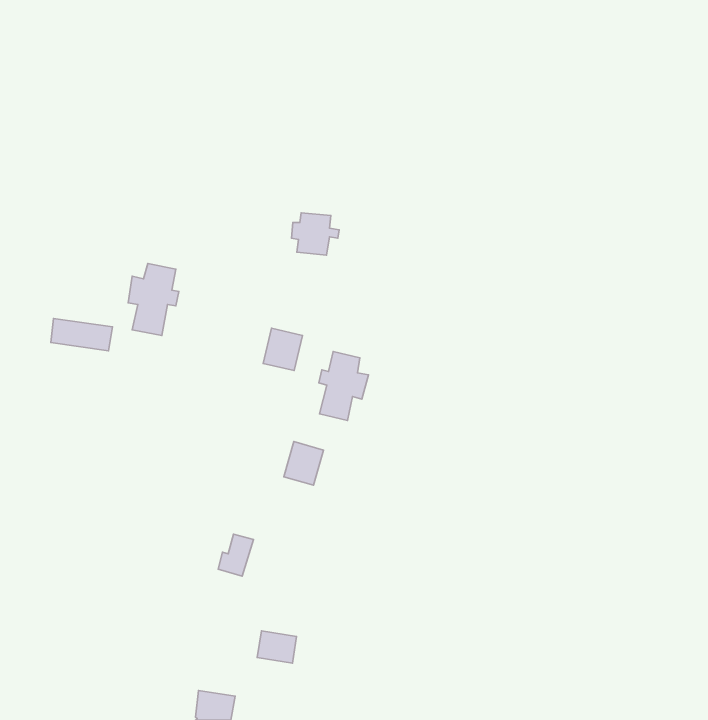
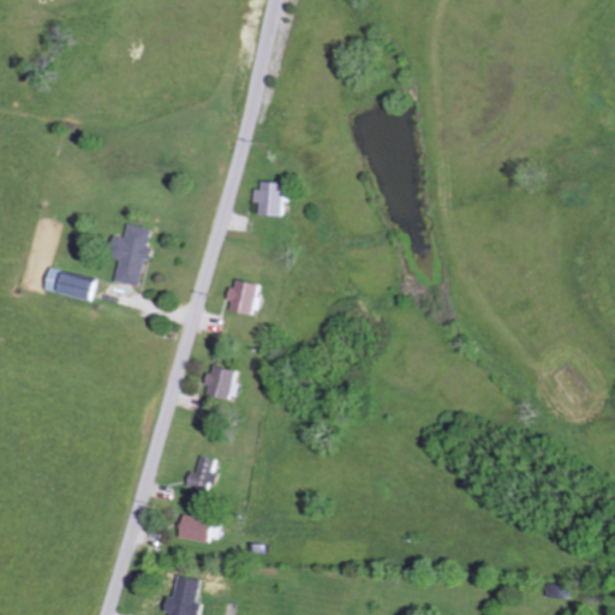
building: [319,352,368,421] -> none
building: [284,442,323,485] -> [202,363,235,400]
building: [257,631,297,663] -> [178,515,211,543]

